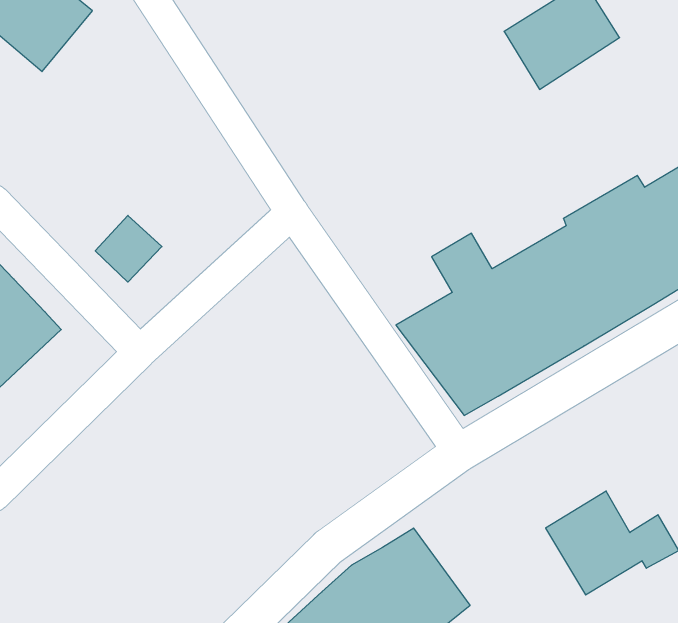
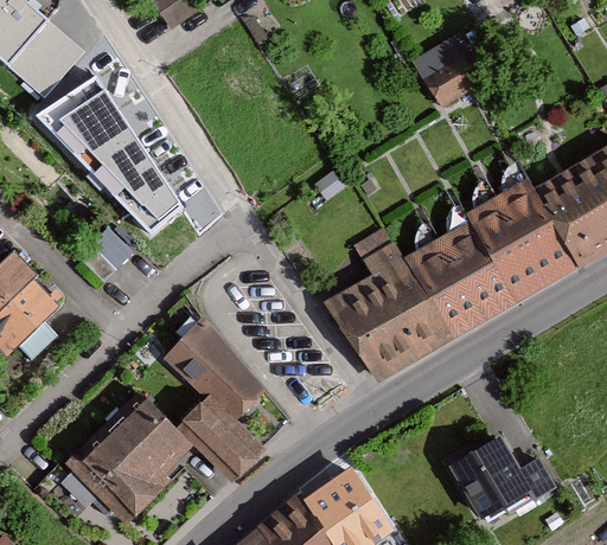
building: none -> [40,73,186,230]
building: none -> [161,320,263,482]
building: none -> [63,395,190,526]

